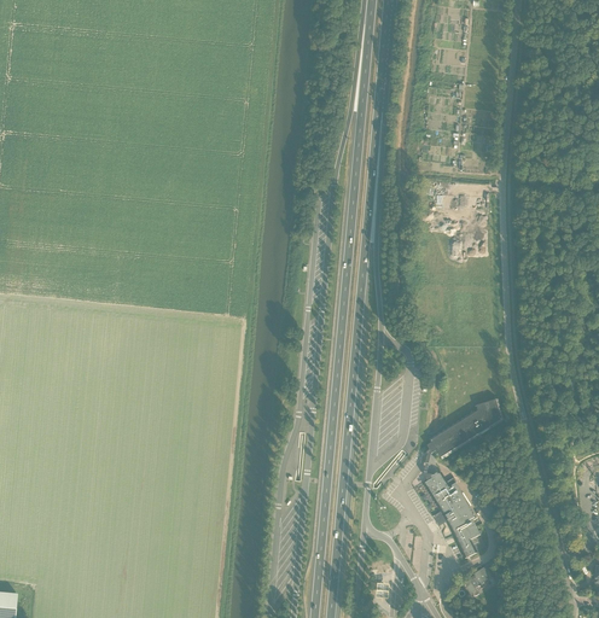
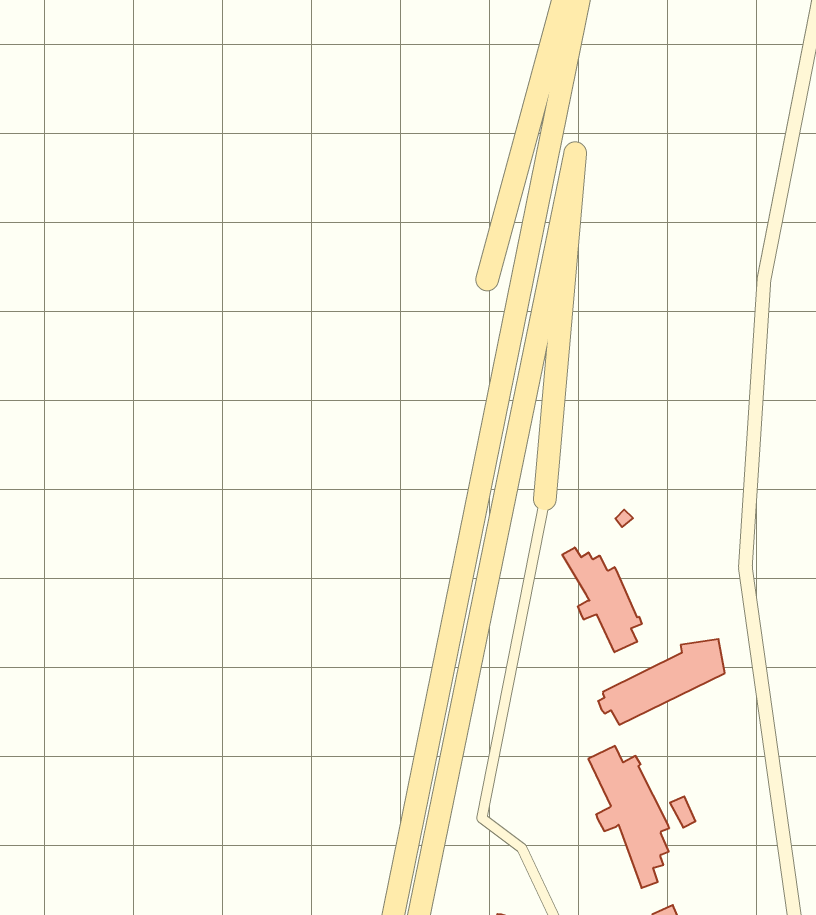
building: none -> [562,547,642,652]

